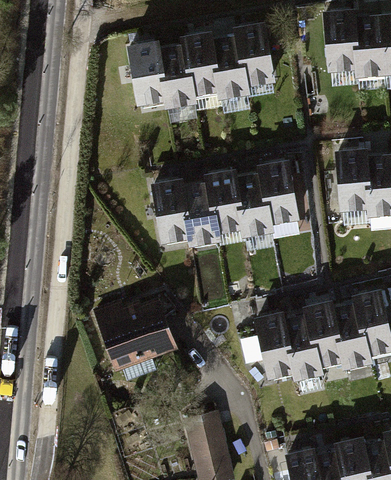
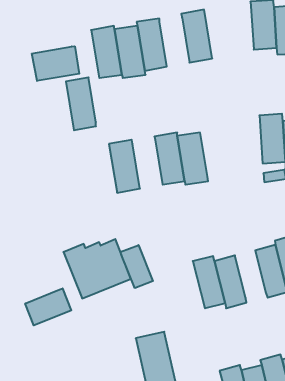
building: [213,29,251,94] -> none
building: none -> [32,46,79,81]
building: [262,160,300,224] -> none
building: [180,179,217,244] -> [66,77,96,130]
building: none -> [121,245,153,288]
building: [304,309,344,373] -> none
building: none -> [25,288,71,325]

